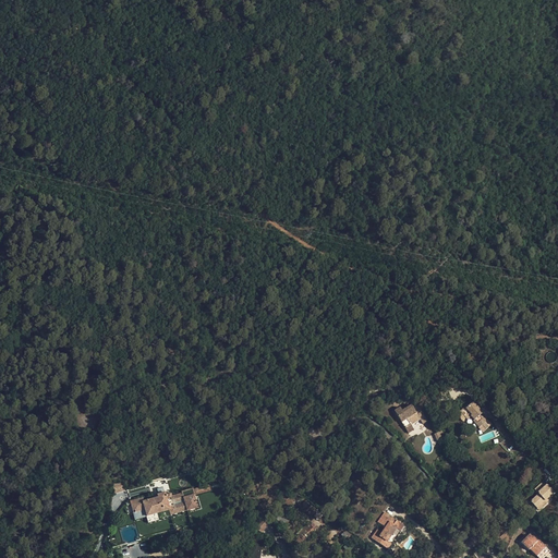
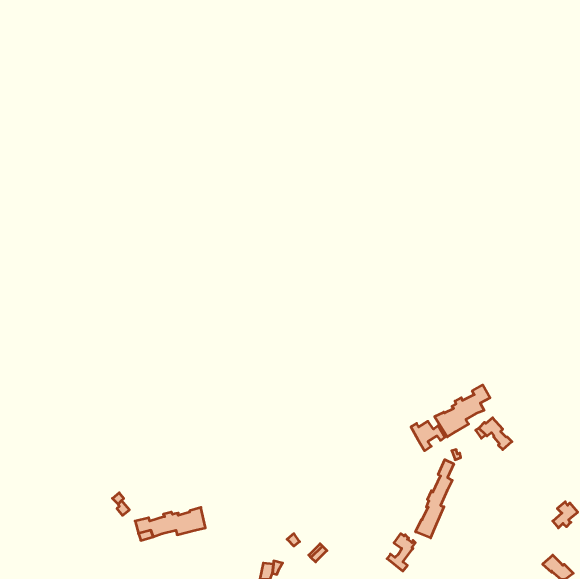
building: none -> [435,385,490,437]
building: none -> [416,460,454,538]

